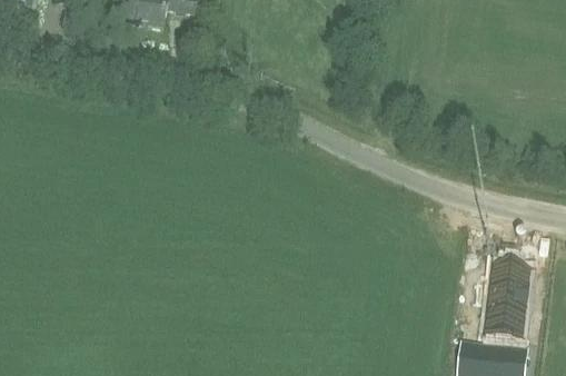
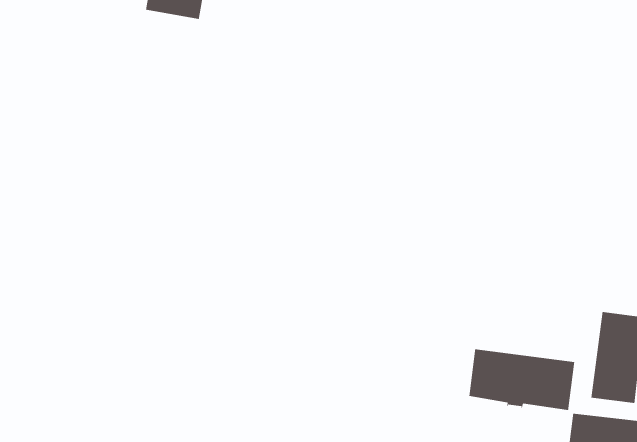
building: none -> [469,349,575,411]

